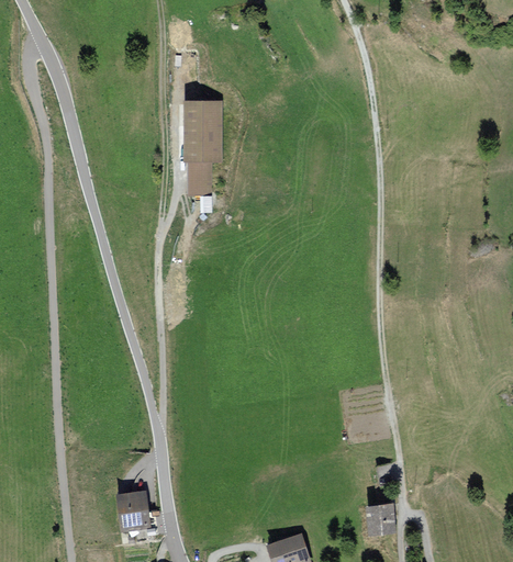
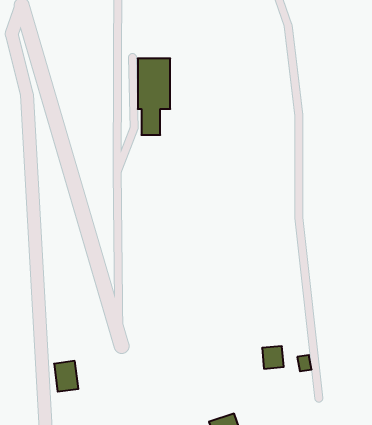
building: [119,490,148,527] -> [54,361,78,392]
building: [368,503,394,530] -> [262,346,284,369]

